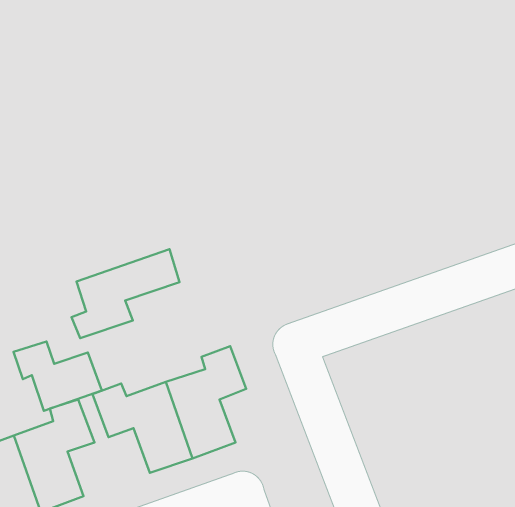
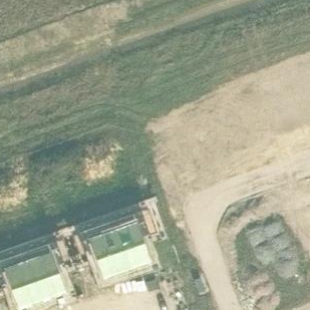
building: [72,249,180,338] -> none
building: [13,341,102,411] -> none

